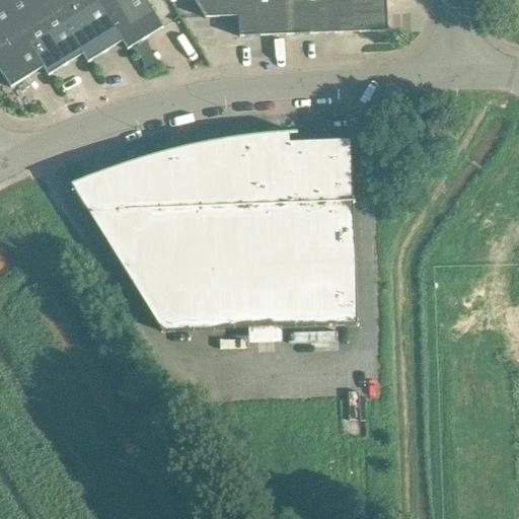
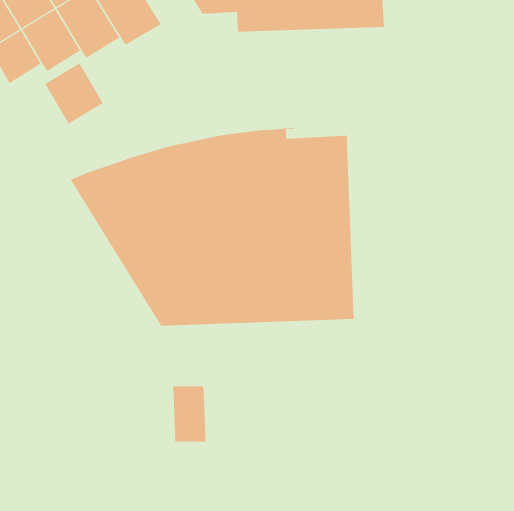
building: none -> [45,63,103,124]
building: none -> [173,385,206,443]

